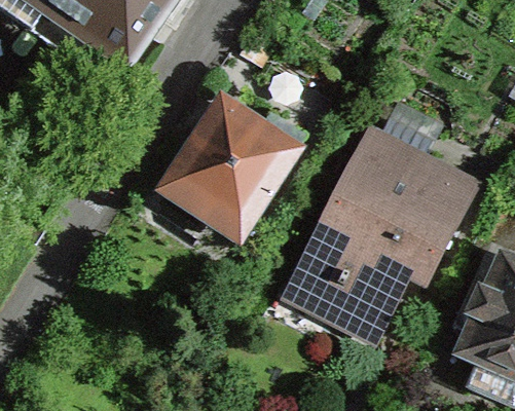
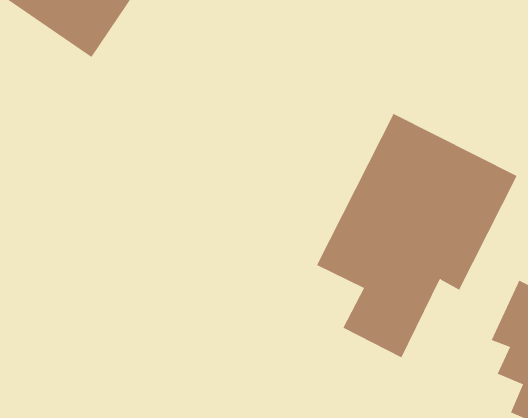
building: [168,99,306,228] -> none

